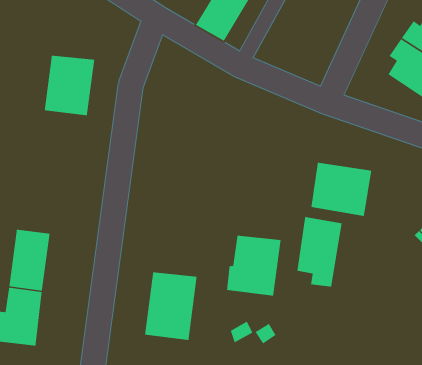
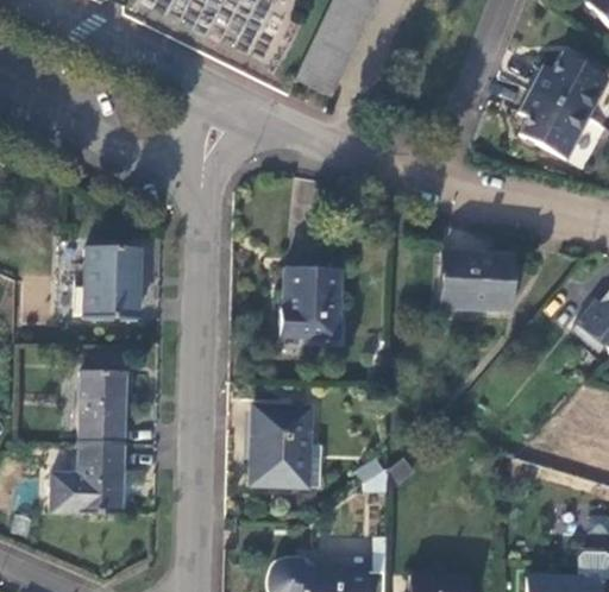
building: [44,55,95,116] -> [83,246,140,317]
building: [296,216,342,287] -> none
building: [226,235,282,296] -> [281,266,343,338]

